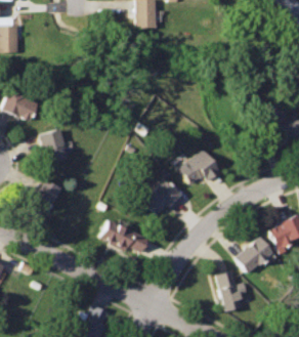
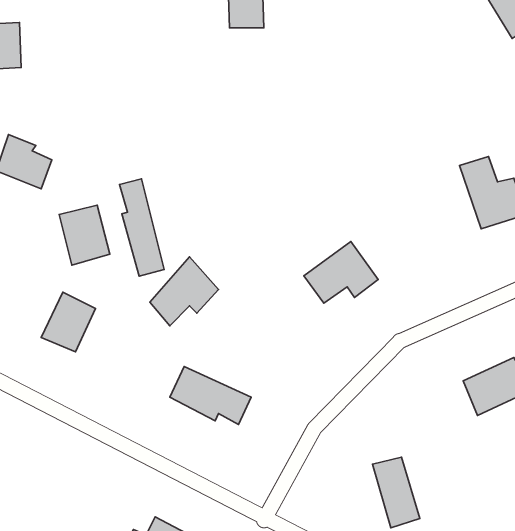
building: none -> [120,179,164,276]
building: [145,178,184,217] -> [150,257,219,326]
building: [233,238,271,272] -> none

